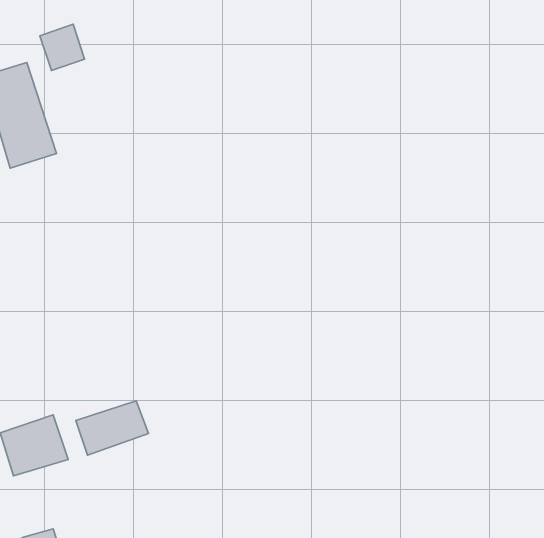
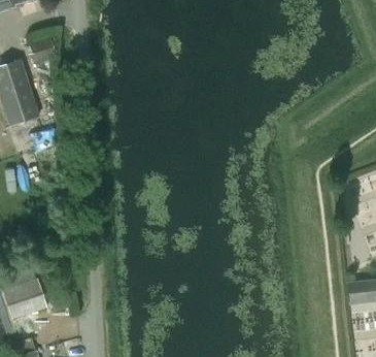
building: [76,401,148,455] -> none

